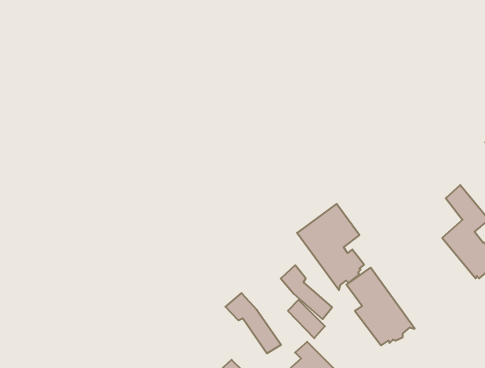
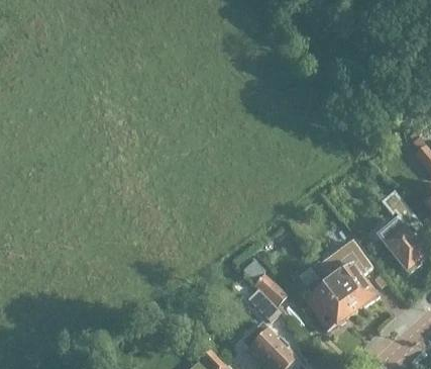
building: [297,204,364,290] -> [320,240,376,312]
building: [225,293,281,353] -> none

